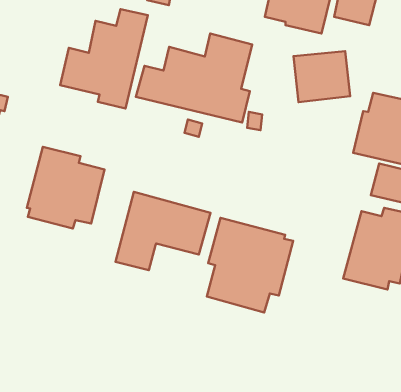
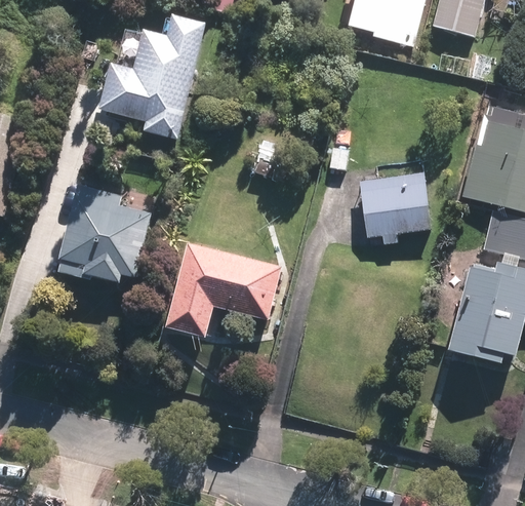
building: [136,33,252,122] -> none
building: [294,51,350,102] -> [358,170,428,233]
building: [207,218,293,312] -> none

